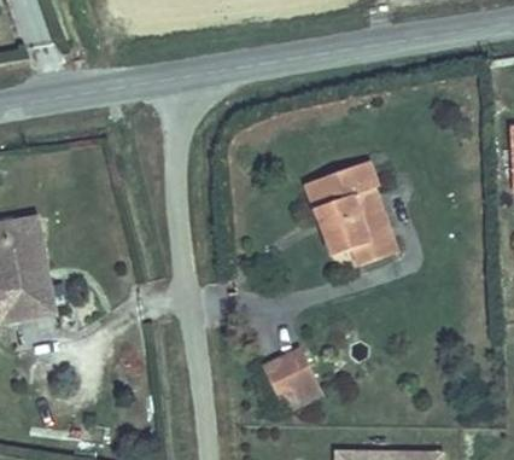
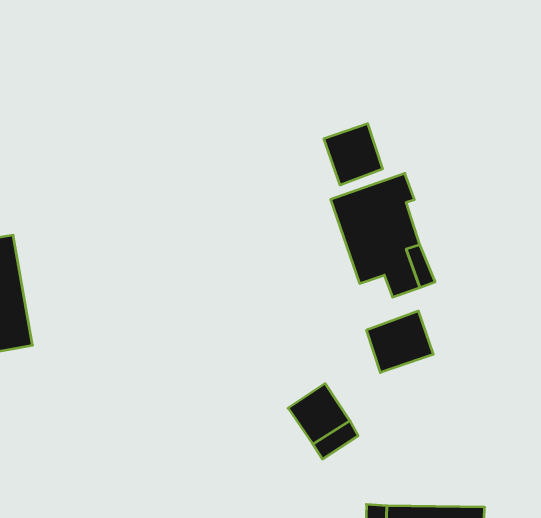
building: none -> [324,124,382,185]
building: none -> [367,311,433,373]

